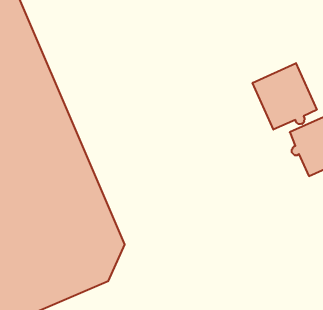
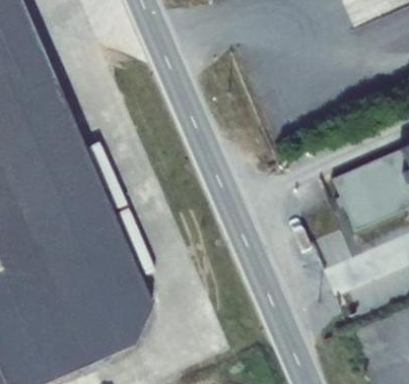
building: [253,63,317,130] -> none

